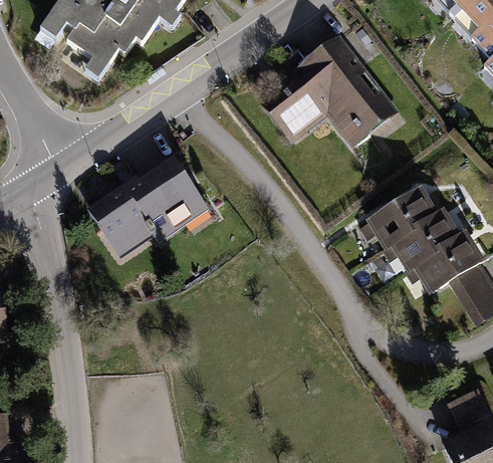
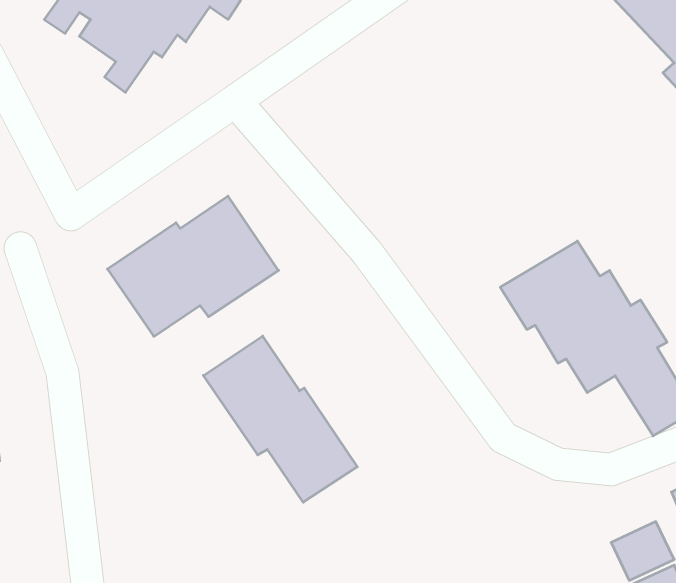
building: [262,32,400,147] -> none
building: none -> [203,336,357,502]

